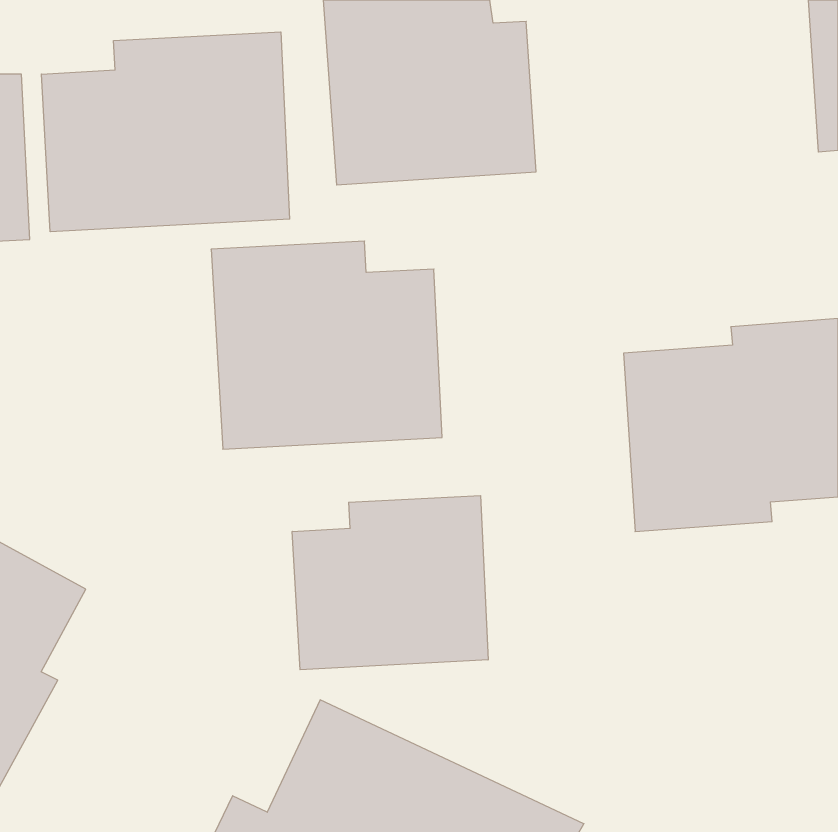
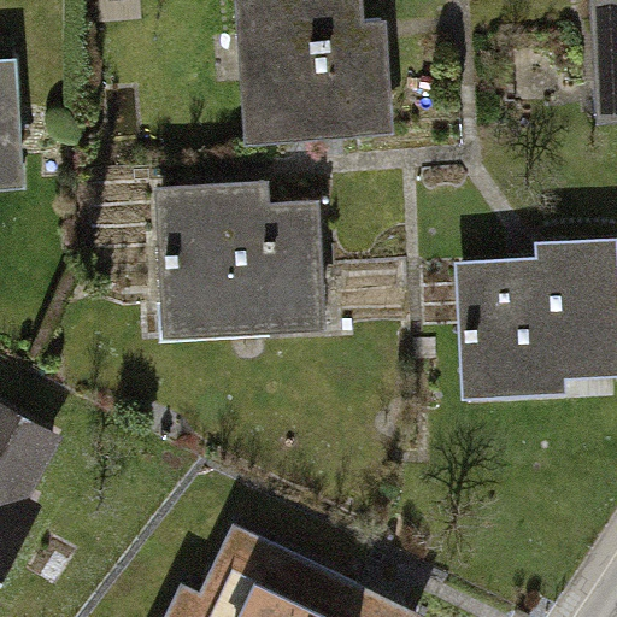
building: [41,32,290,232] -> none
building: [292,496,488,670] -> none

